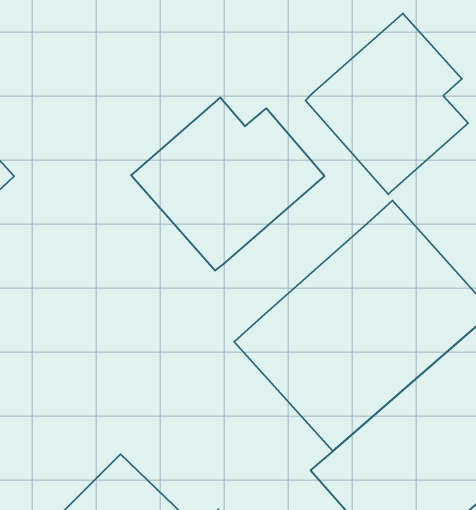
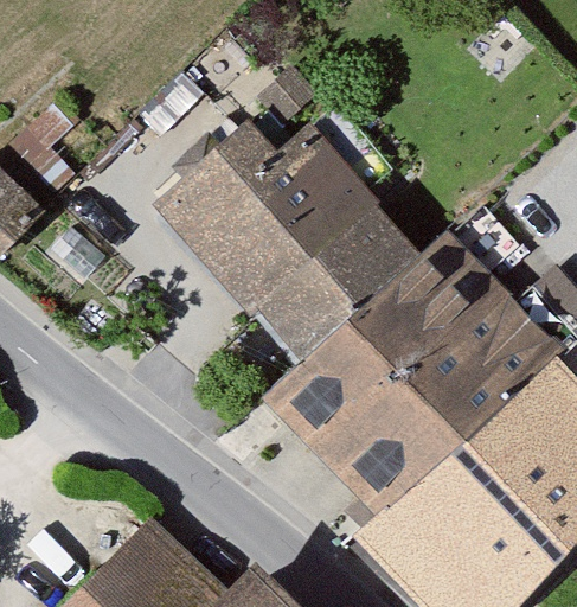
building: [306,13,468,194] -> none
building: none -> [265,209,425,363]

